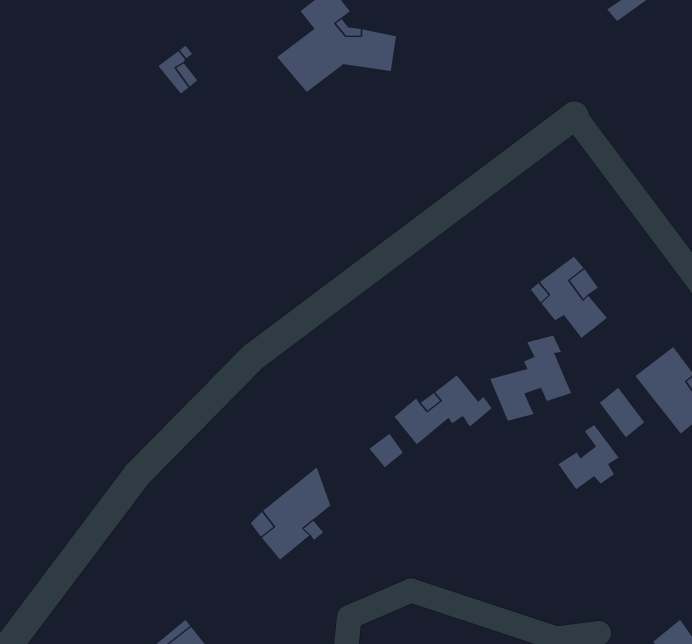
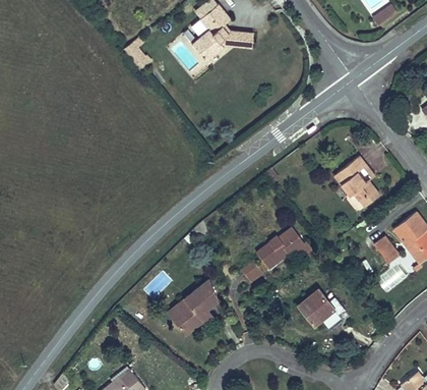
building: [490,335,572,422] -> none
building: [558,424,620,490] -> none
building: none -> [295,290,326,325]

